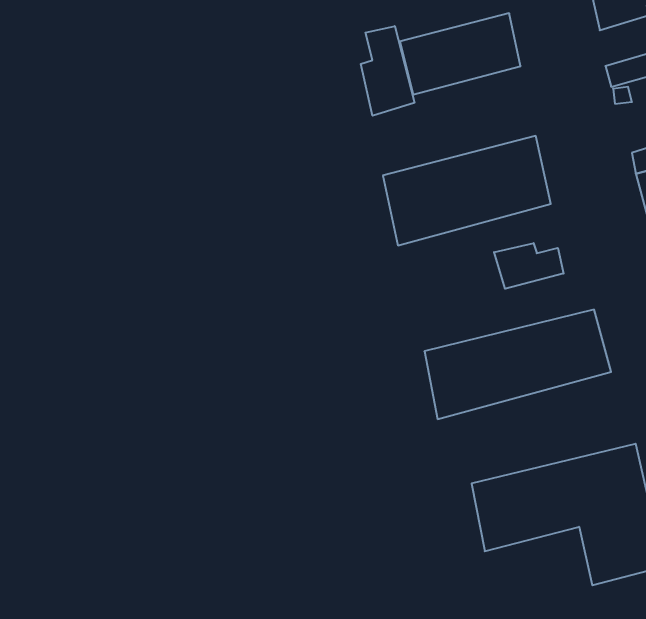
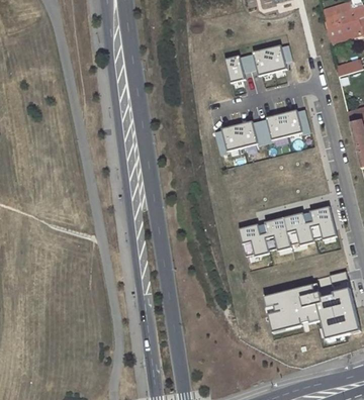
building: [361,26,415,116] -> none
building: [494,243,564,289] -> none

